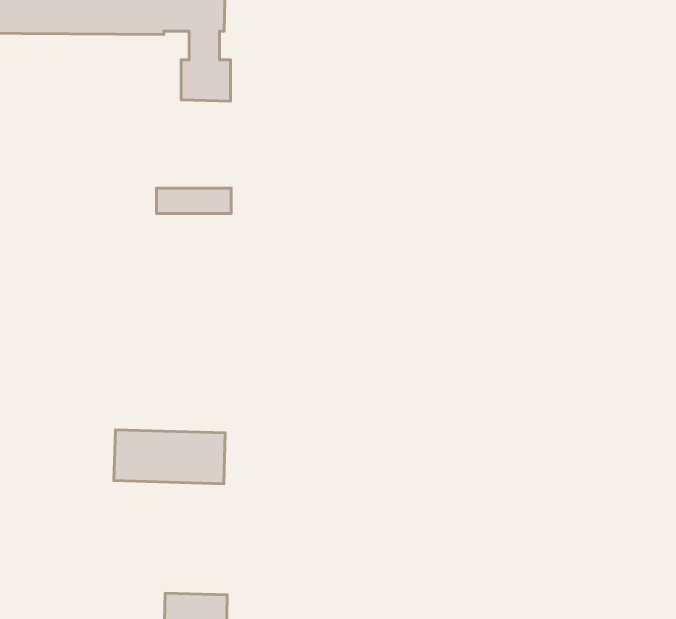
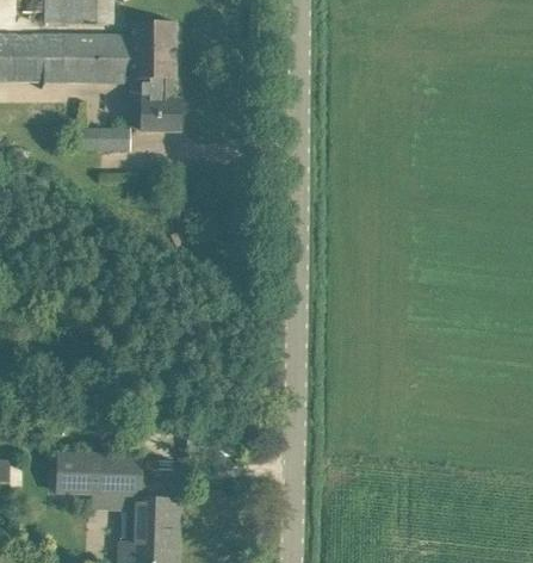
building: [156,188,231,214] -> [74,129,130,148]
building: [114,430,225,484] -> [58,453,142,494]

